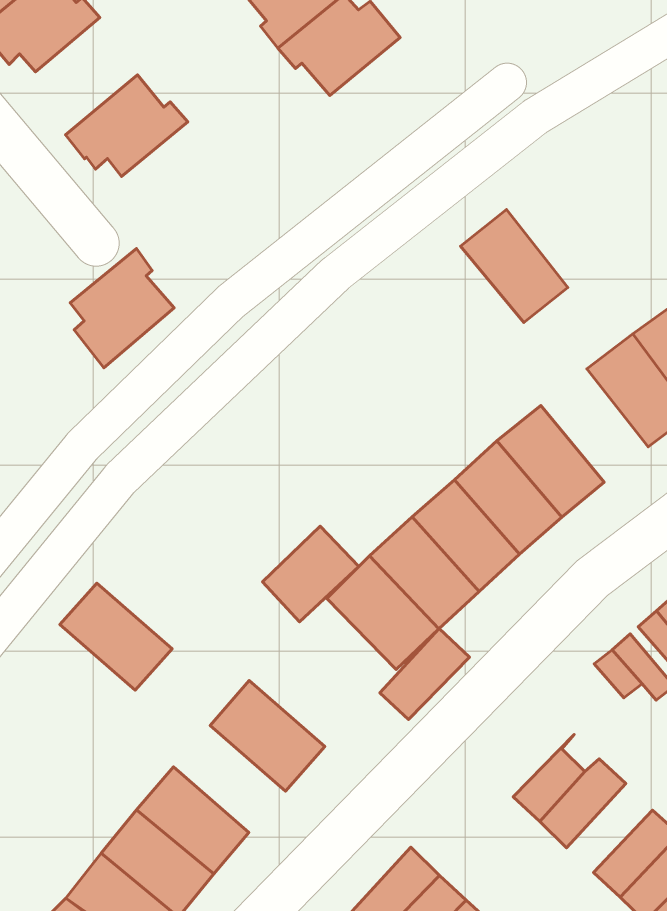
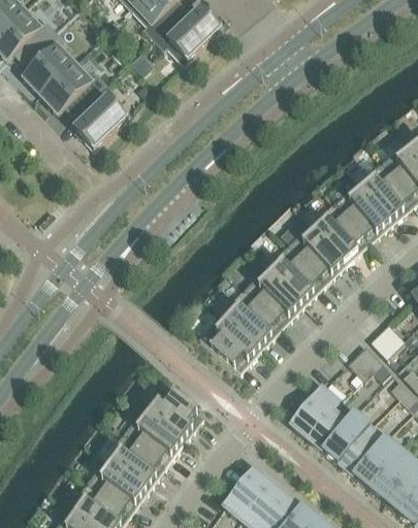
building: none -> [23,30,78,95]
building: [460,209,568,323] -> [310,203,369,264]
building: [70,248,174,368] -> [73,84,130,150]
building: [263,526,359,622] -> none
building: [60,583,172,690] -> [123,410,185,467]
building: [380,628,469,719] -> [292,388,340,438]
building: none -> [340,427,385,476]

